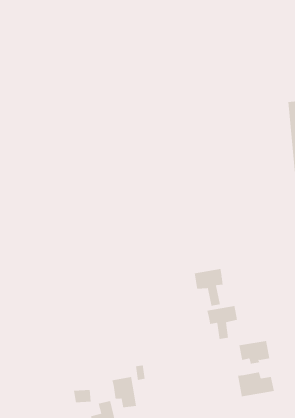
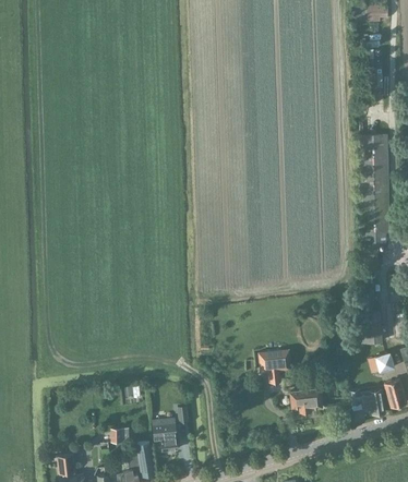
building: [194,268,223,307] -> none
building: [238,371,274,397] -> none

